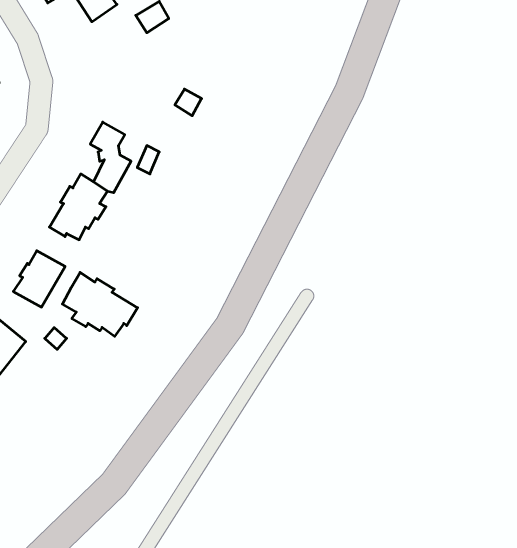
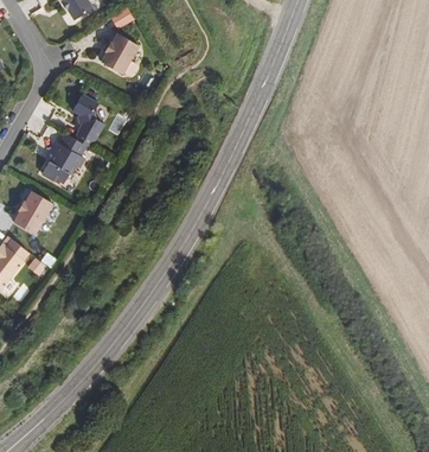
building: none -> [102,34,139,75]
building: [62,272,138,336] -> none

